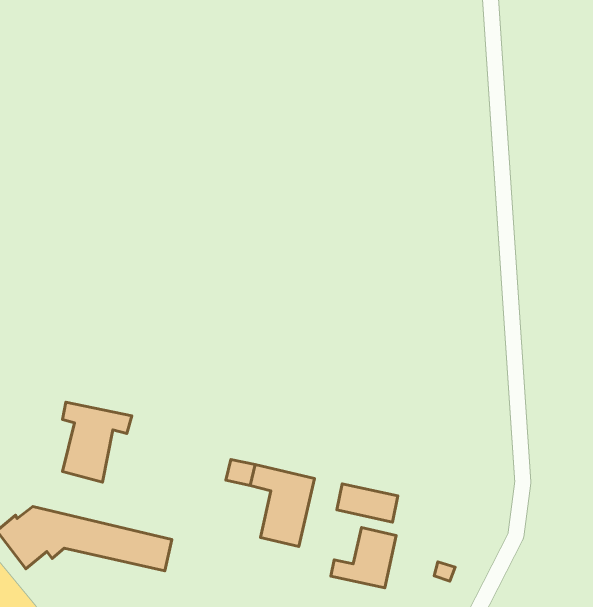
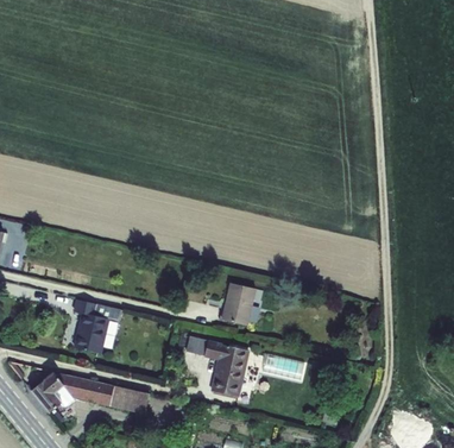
building: none -> [225,283,258,324]
building: [331,528,396,588] -> none

